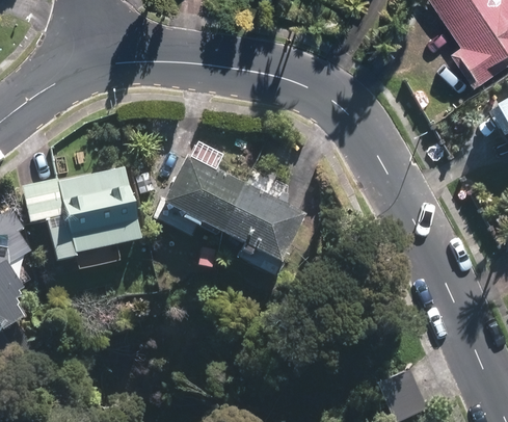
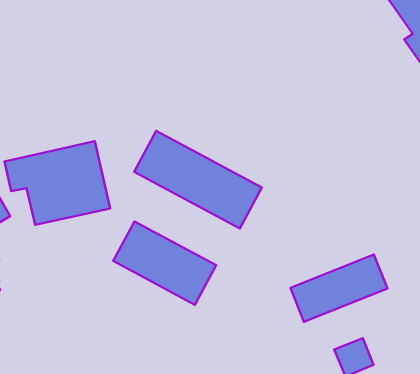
building: none -> [113,221,216,305]
building: none -> [290,254,387,322]

